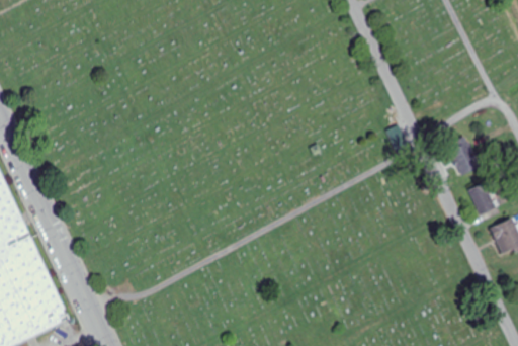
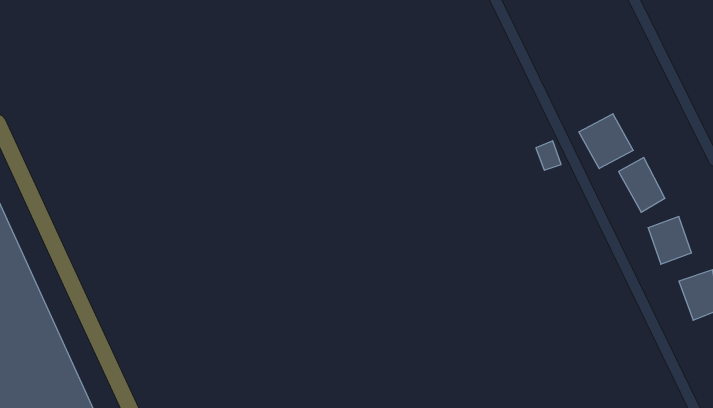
building: none -> [579,114,633,169]

